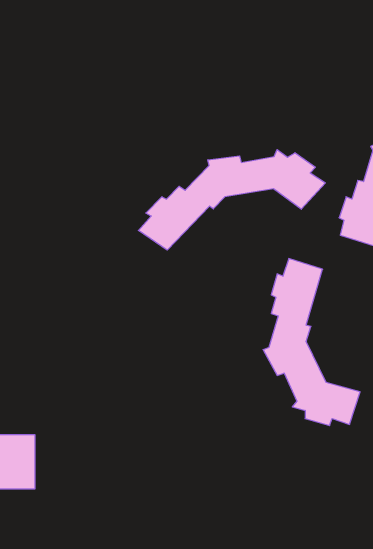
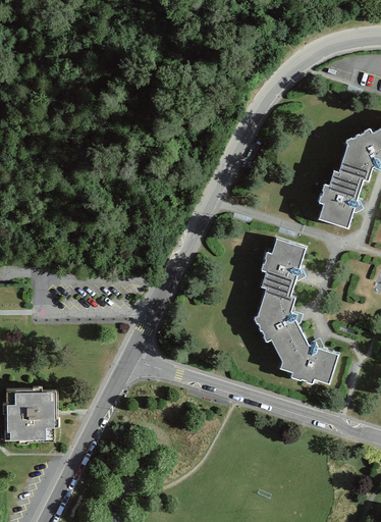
building: [138,150,325,250] -> none

